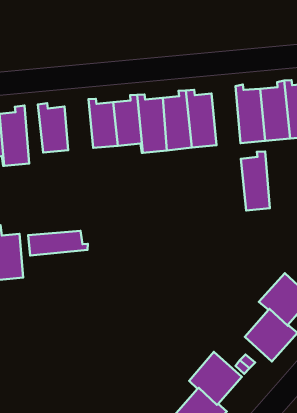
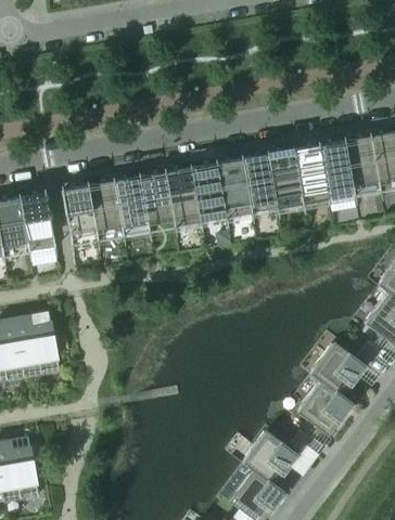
building: none -> [88,176,122,231]
building: [241,151,270,211] -> [242,150,277,213]
building: [28,231,88,255] -> none

